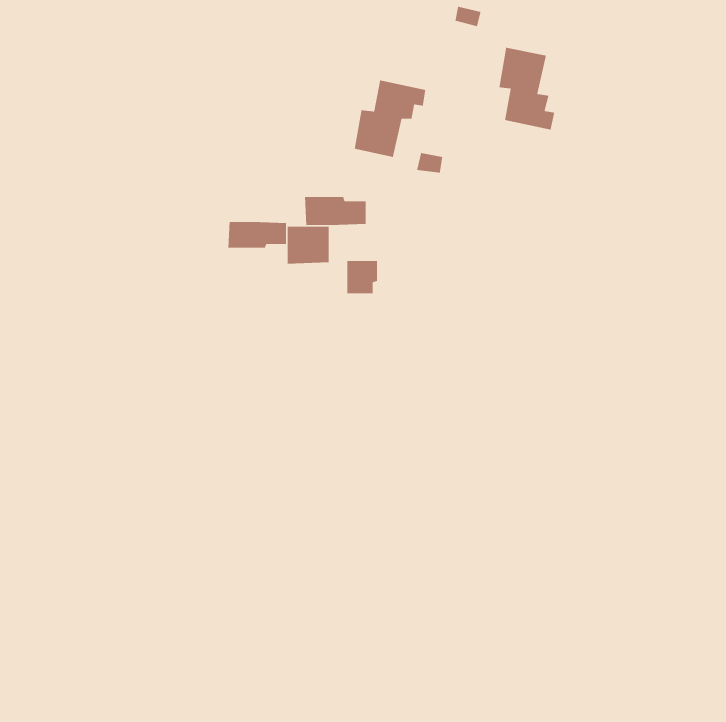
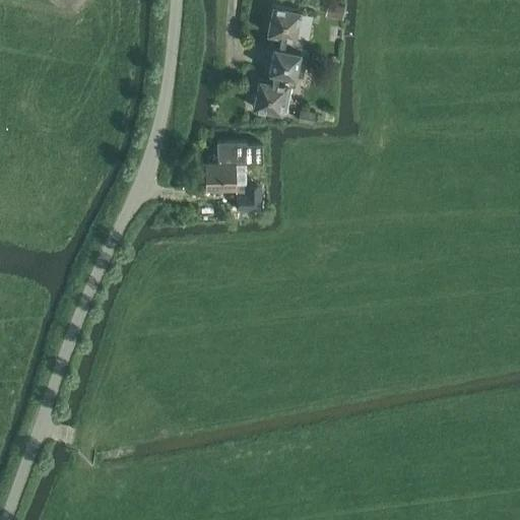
building: [498,47,555,131] -> [267,7,308,67]
building: [228,221,287,249] -> none

